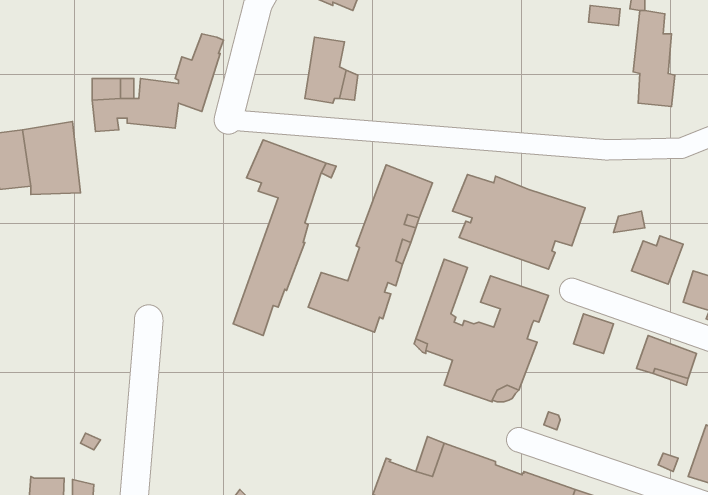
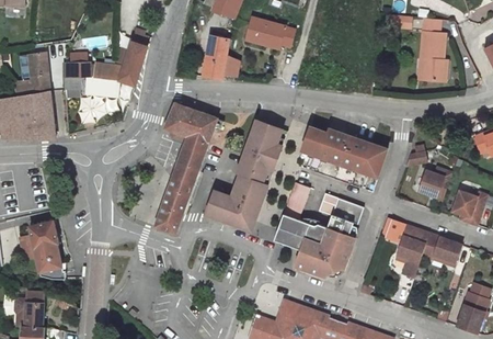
building: none -> [245,18,295,46]
building: none -> [15,52,49,97]
building: none -> [20,221,66,279]
building: none -> [397,225,429,276]
building: none -> [15,291,45,327]

